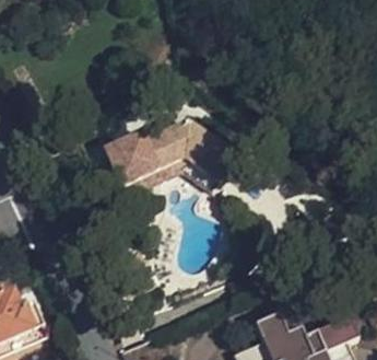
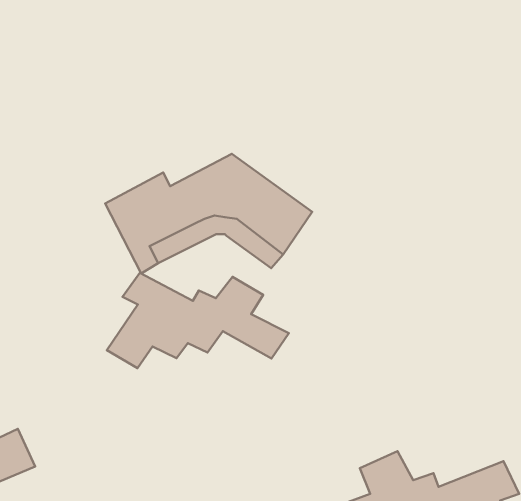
building: none -> [107,273,289,368]

